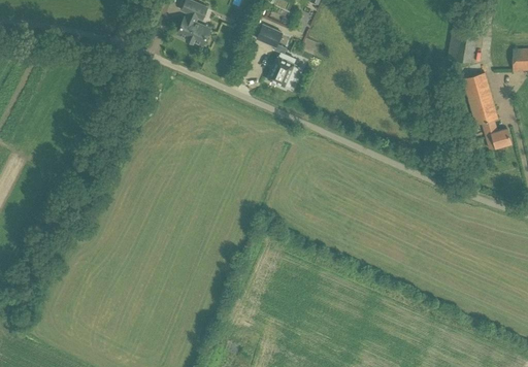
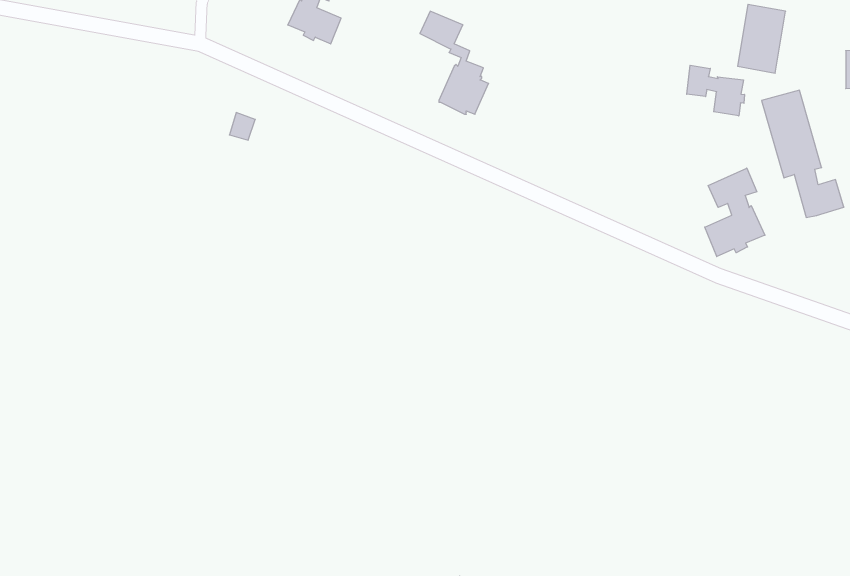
building: none -> [687,65,744,116]
building: none -> [705,168,765,257]

